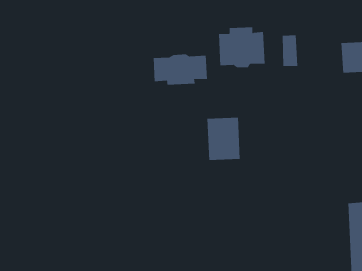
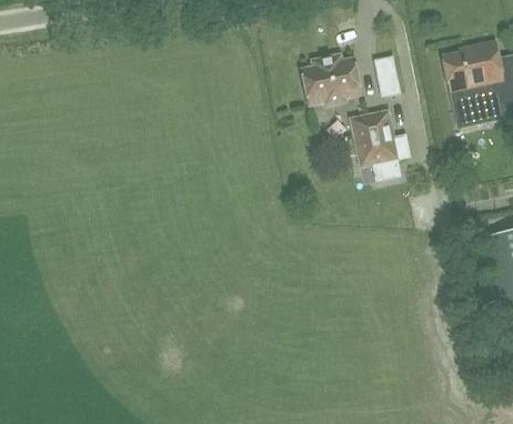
building: [153,53,207,86] -> none
building: [207,117,241,161] -> [353,110,400,165]

